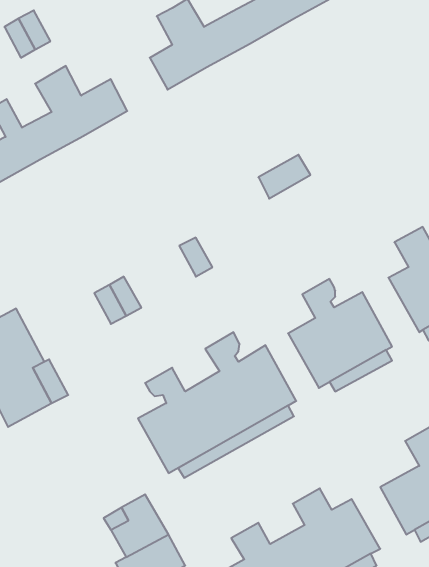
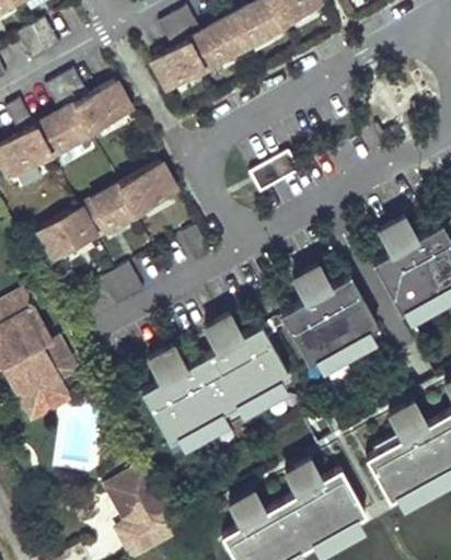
building: none -> [35,165,175,262]
building: none -> [21,382,72,423]

